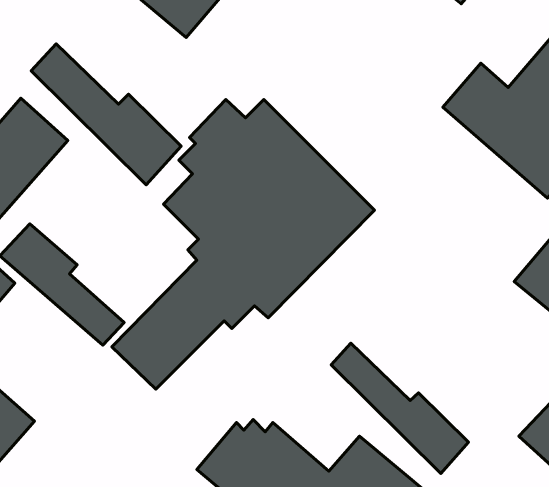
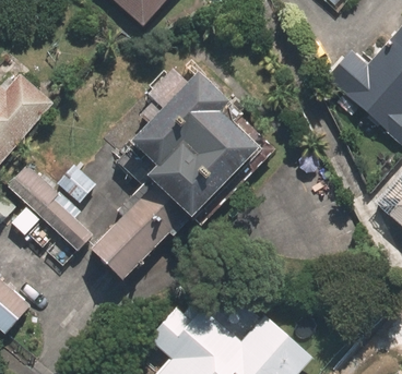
building: [31,44,181,185] -> none
building: [331,343,469,474] -> none

